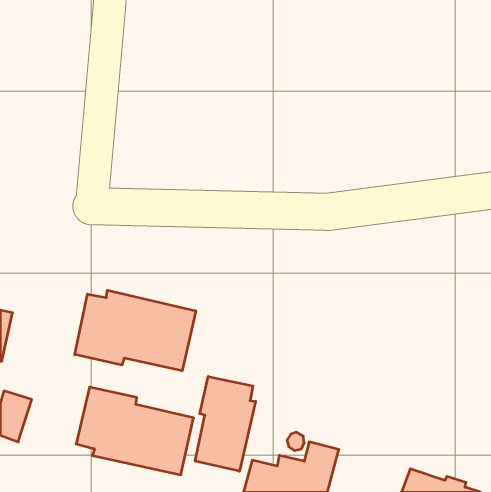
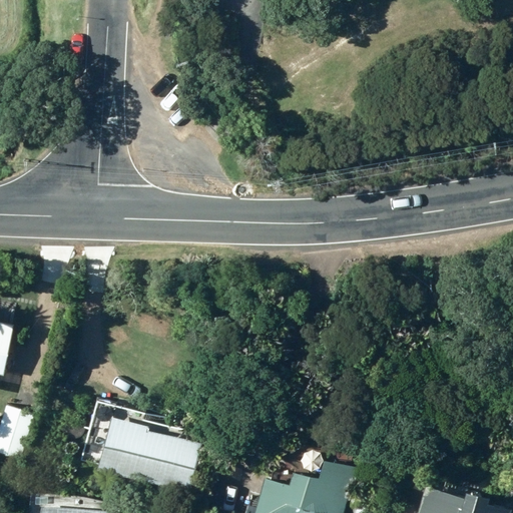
building: [75,290,196,371] -> none
building: [195,376,256,471] -> none

